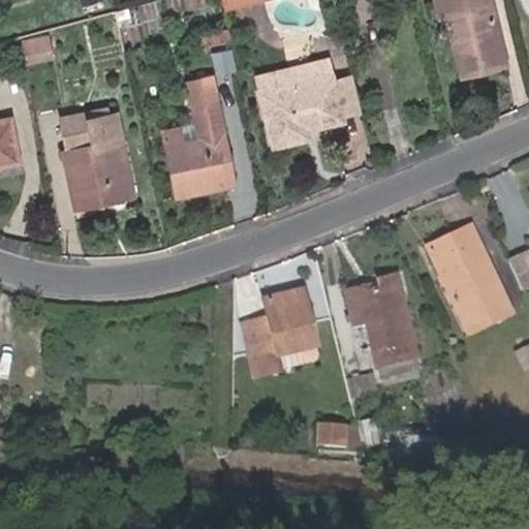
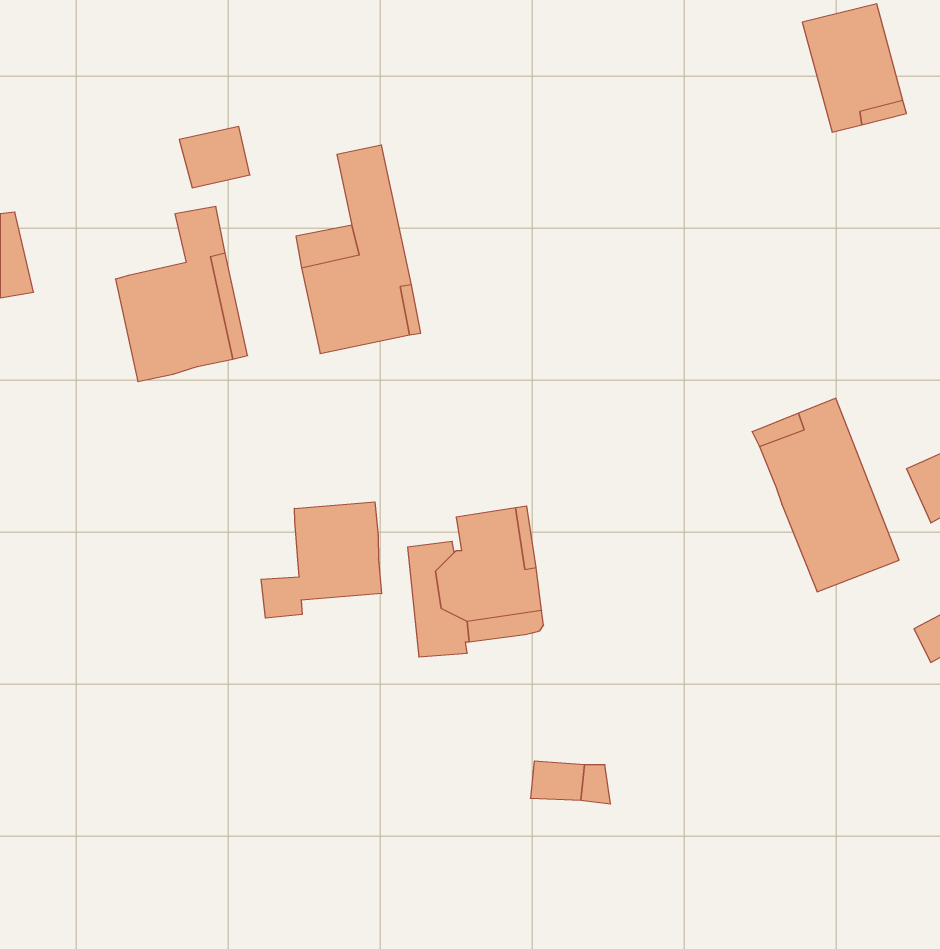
building: [266,64,348,147] -> none
building: [70,119,110,153] -> [179,127,250,188]
building: [341,275,407,365] -> none
building: none -> [261,502,382,618]

